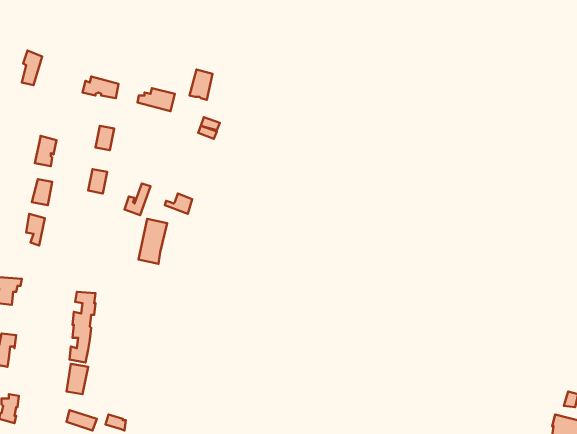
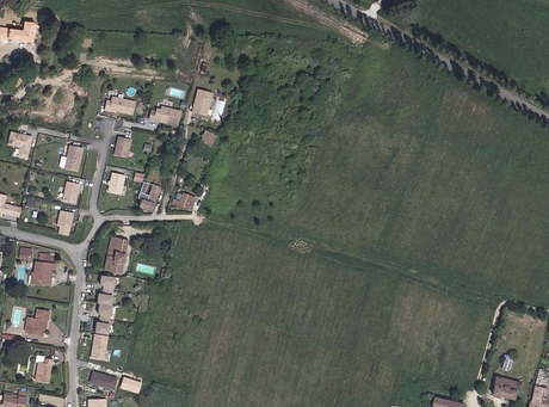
building: [138,219,167,264] -> [104,236,128,273]

